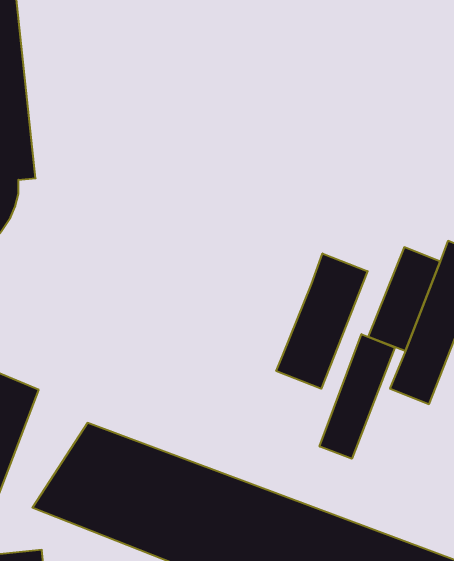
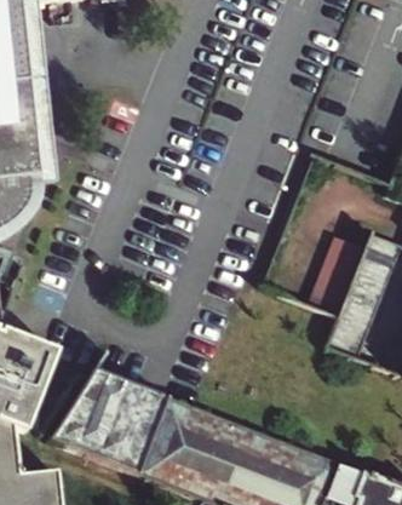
building: [276,253,368,389] -> none
building: [320,334,395,459] -> none

